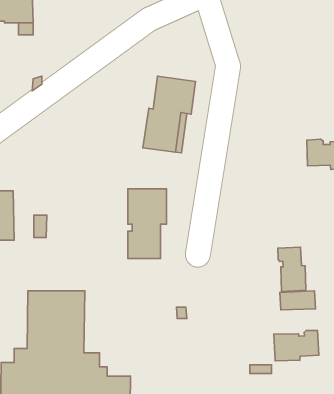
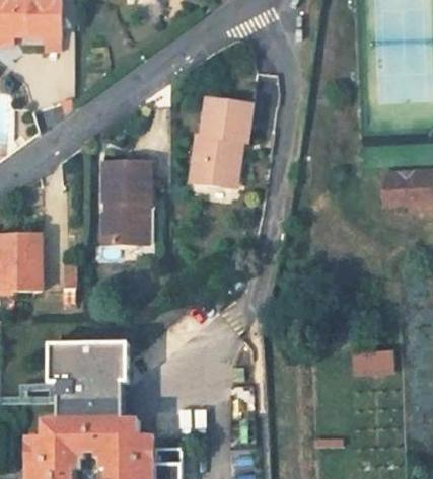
building: [128,189,167,259] -> [102,161,148,243]
building: [278,247,306,292] -> none
building: [274,330,319,361] -> none

